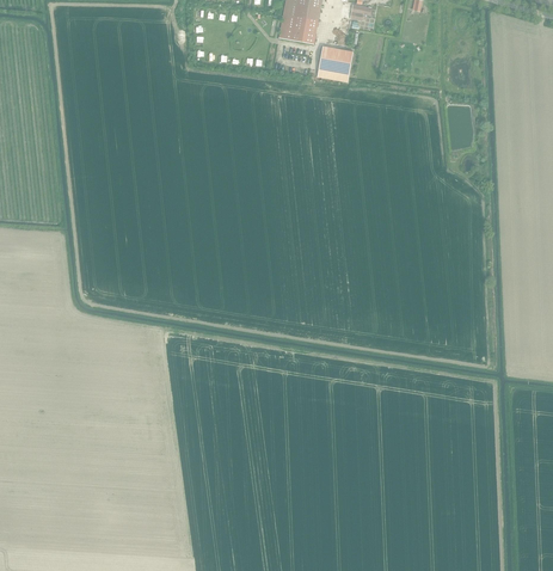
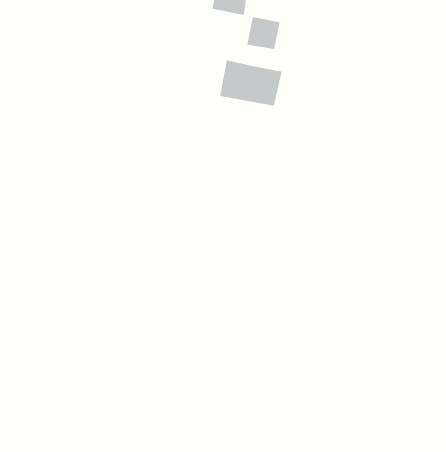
building: none -> [220,59,282,107]

